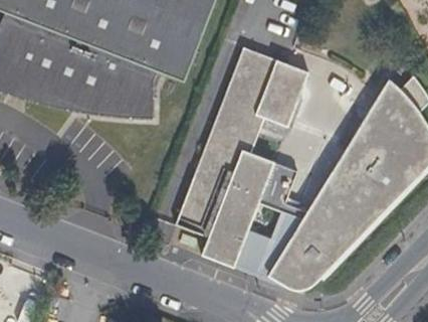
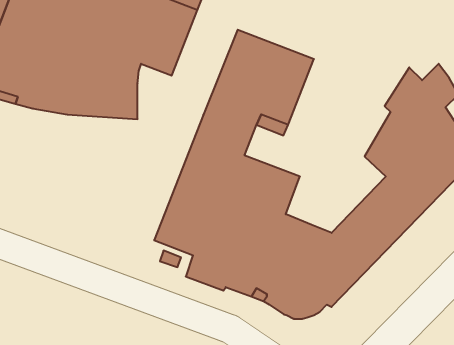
building: [305,112,373,220] -> none

